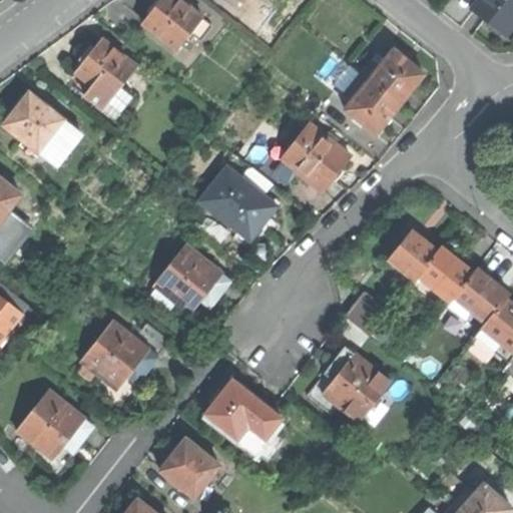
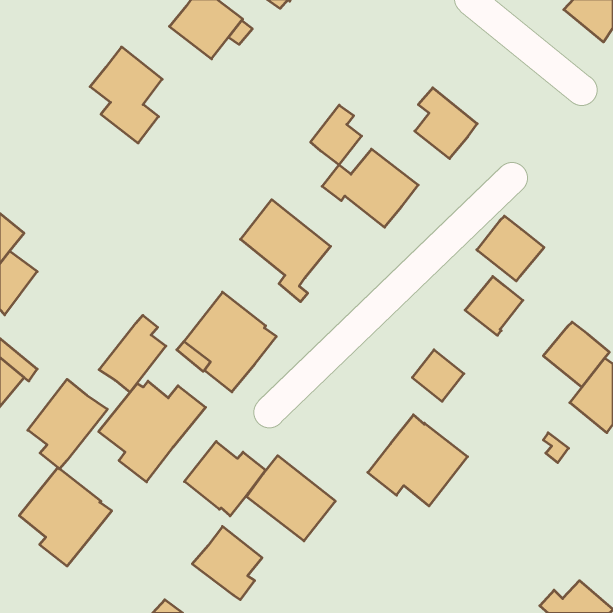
building: [361,50,422,103] -> none
building: none -> [311,105,362,165]
building: [4,93,81,165] -> none
building: [417,246,473,301] -> [477,216,544,281]
building: none -> [99,315,166,392]
building: none -> [28,379,107,469]
building: none -> [184,441,266,516]

